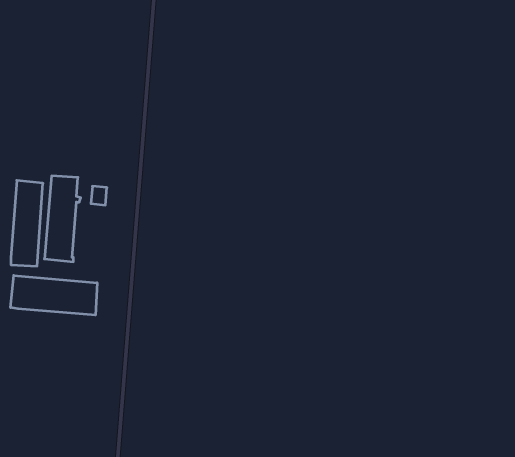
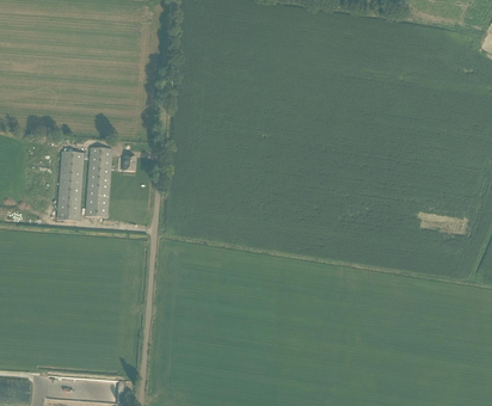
building: [11,275,97,315] -> none

